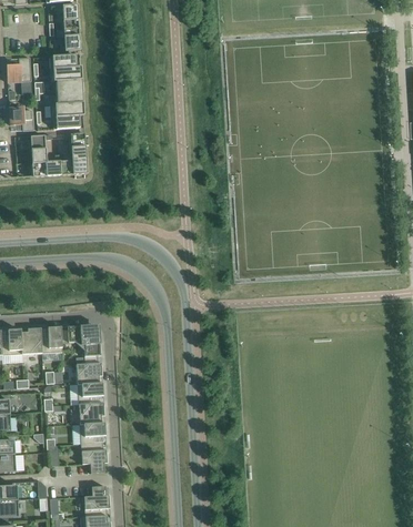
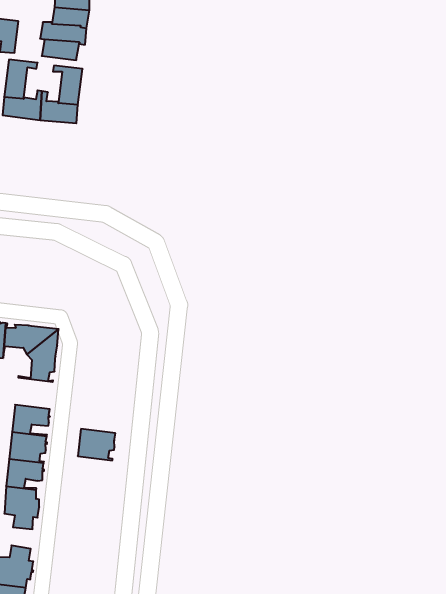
building: [75,362,102,383] -> [78,429,115,460]

